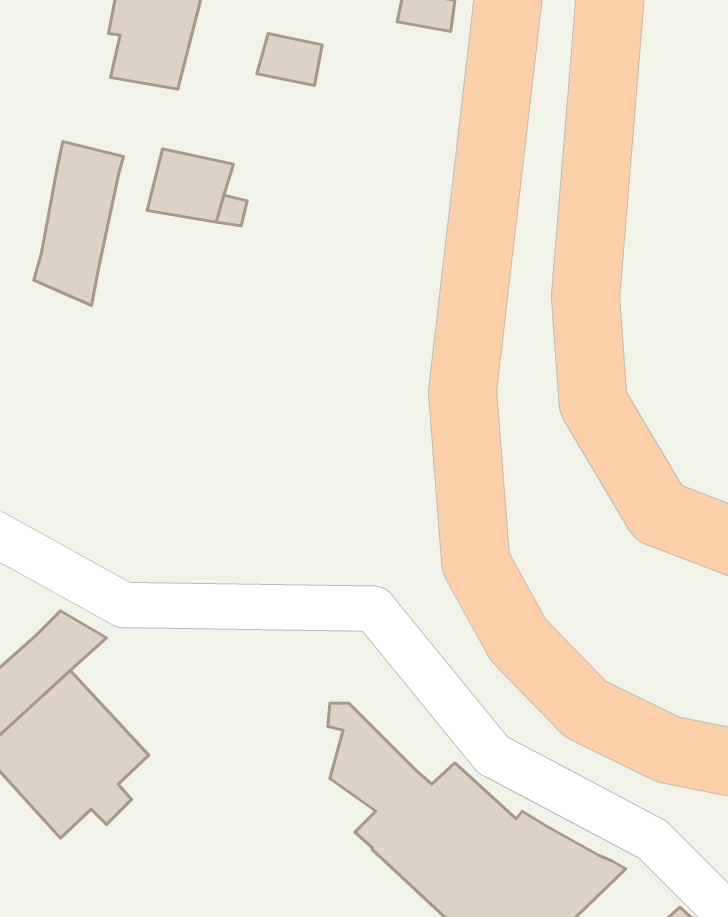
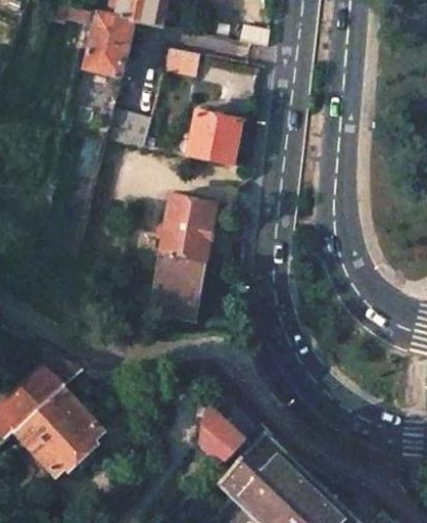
building: [34,142,124,306] -> none
building: none -> [187,112,240,164]
building: none -> [147,195,217,323]

